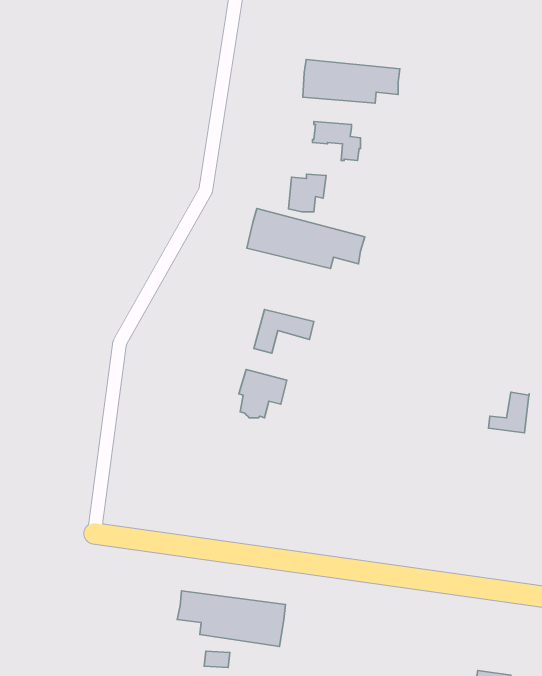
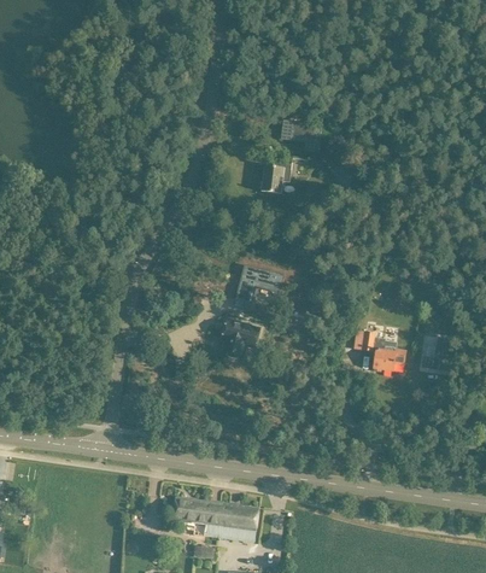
building: [303,59,400,103] -> none
building: [247,209,365,268] -> none
building: none -> [356,331,405,372]

